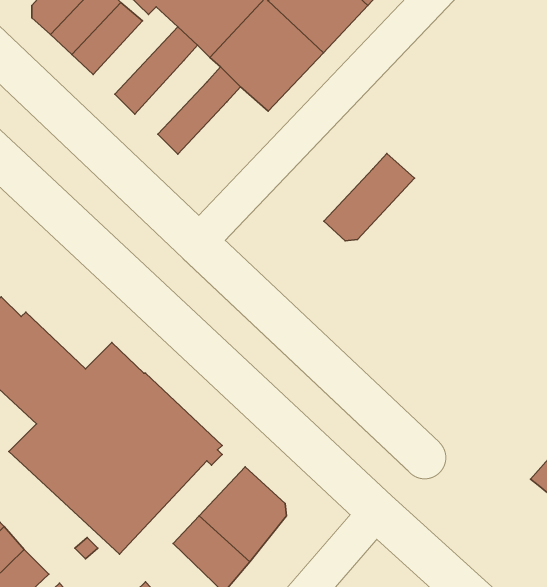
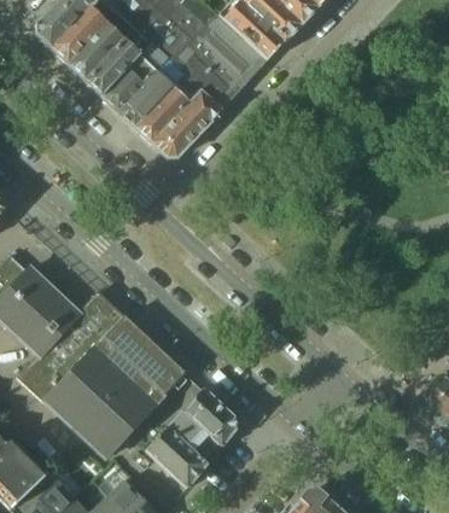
building: none -> [83,27,150,95]
building: none -> [116,57,183,127]
building: [324,154,414,241] -> [150,89,221,158]

